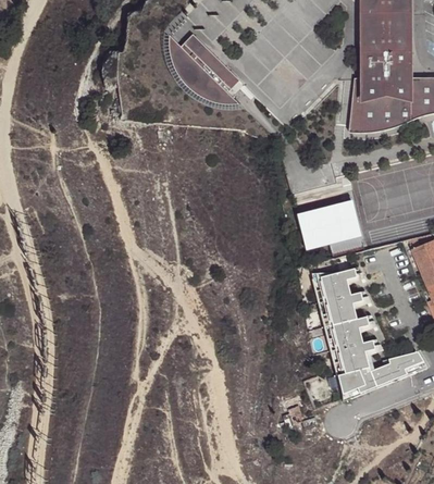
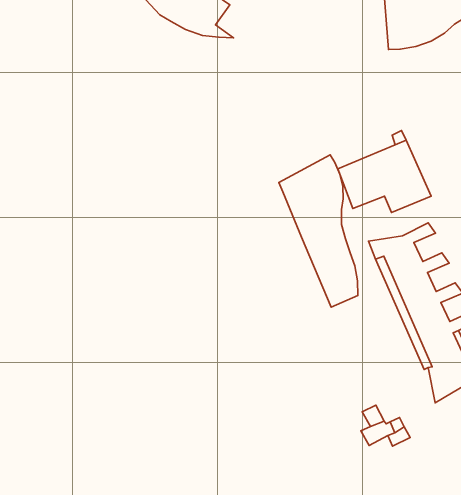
building: none -> [279,155,358,307]

